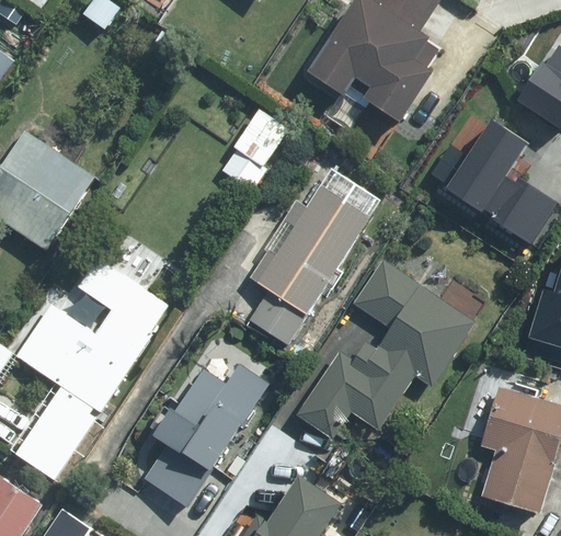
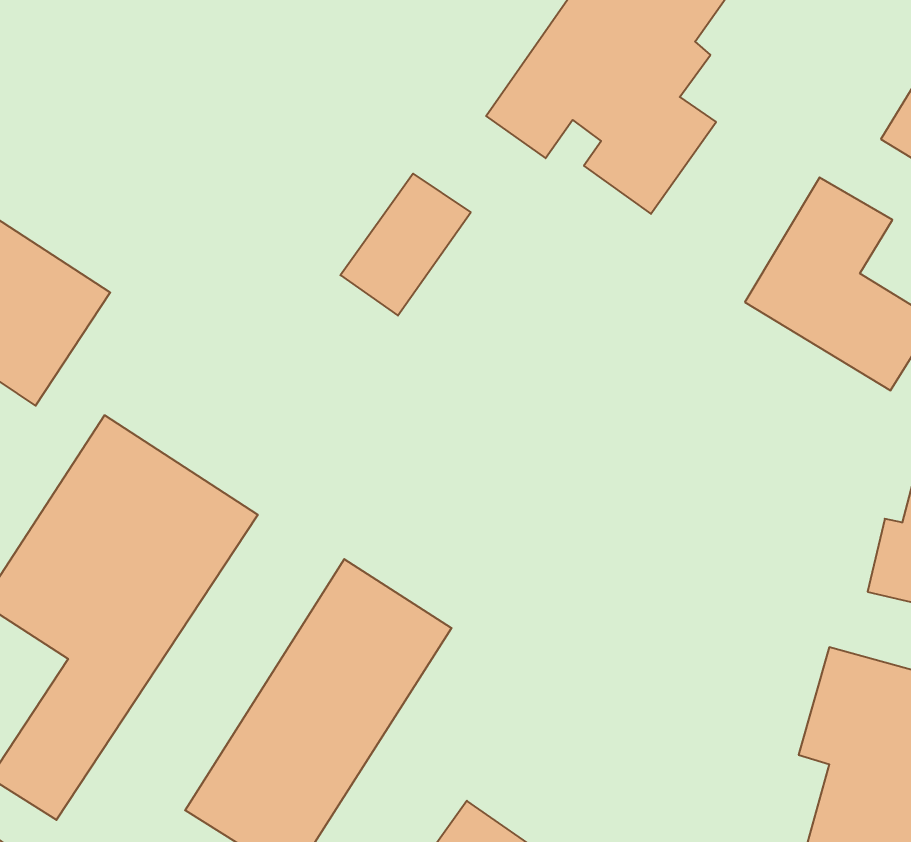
building: [231,163,380,353] -> none
building: [299,276,474,457] -> none

